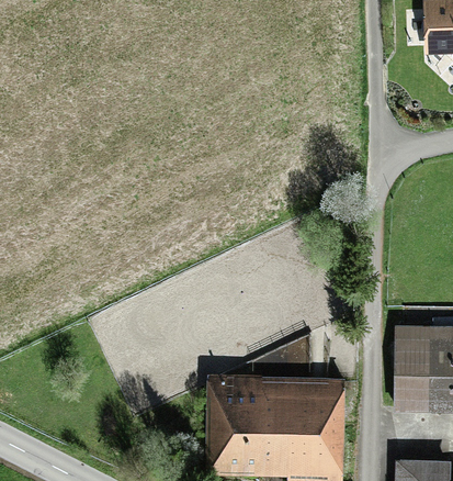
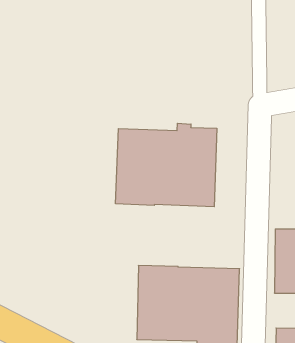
building: none -> [116,123,217,207]

